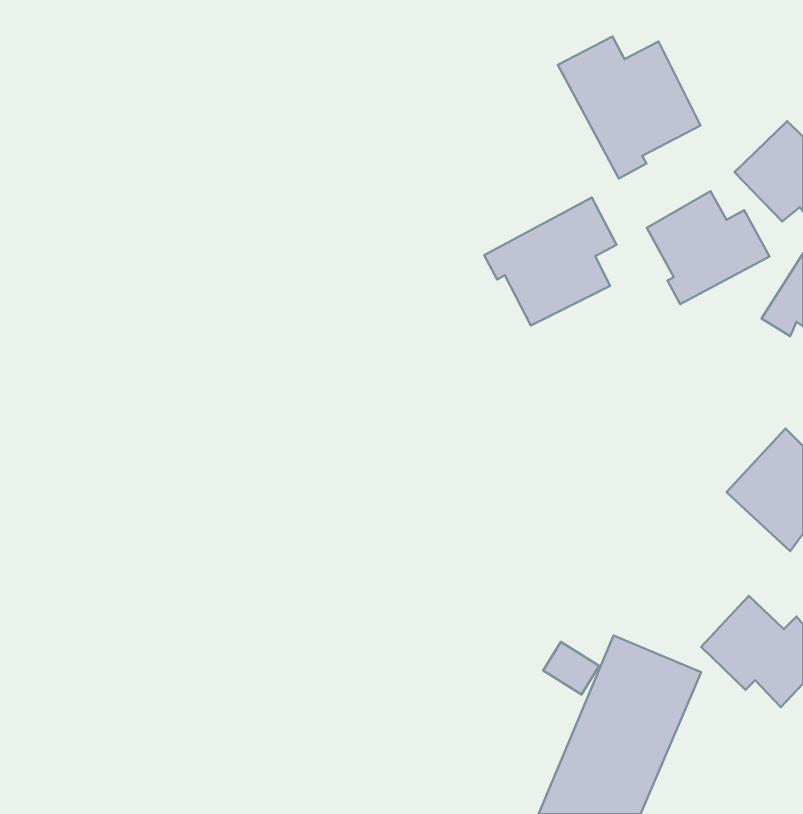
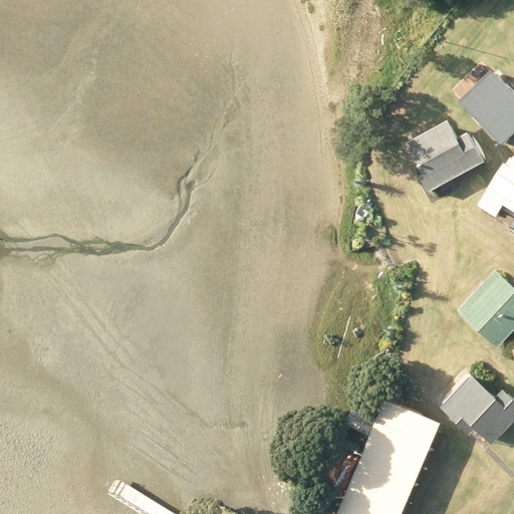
building: [558,37,700,179] -> none
building: [484,197,617,326] -> none

